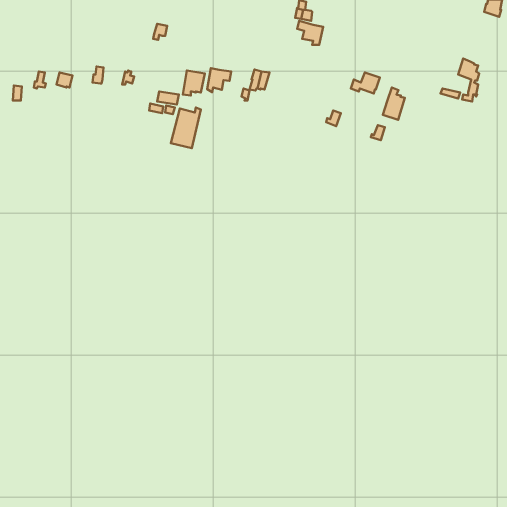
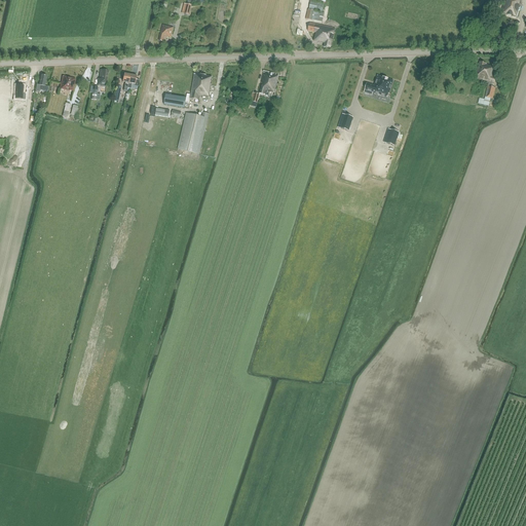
building: [207,68,231,92] -> none
building: [383,87,405,120] -> none

